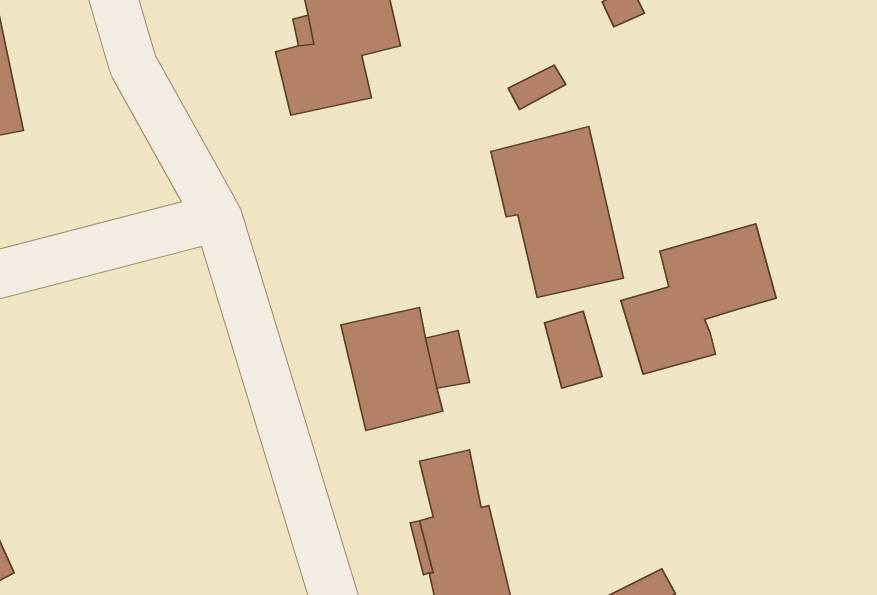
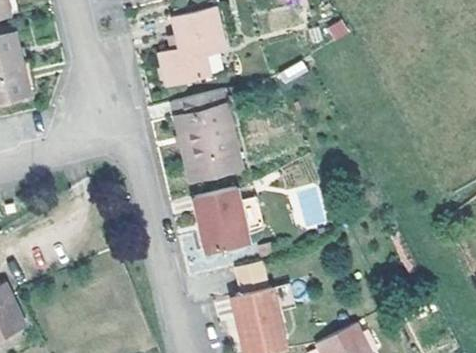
building: [491,126,624,298] -> [170,90,239,179]
building: [621,224,776,374] -> none

